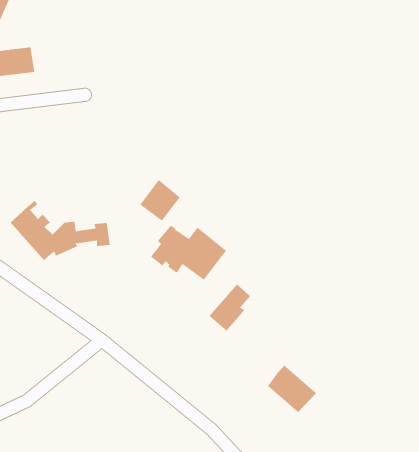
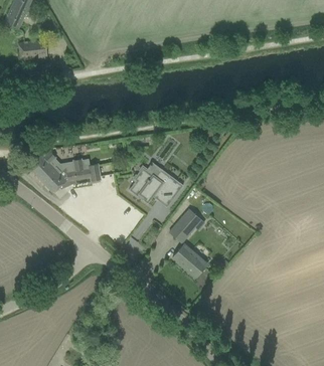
building: [140,179,181,222] -> none
building: [267,365,317,413] -> [172,242,207,277]

